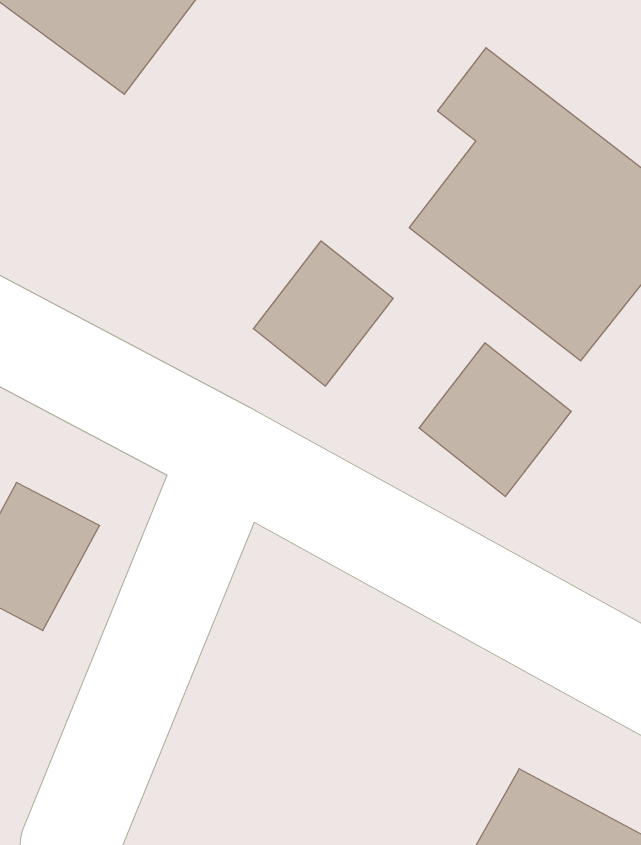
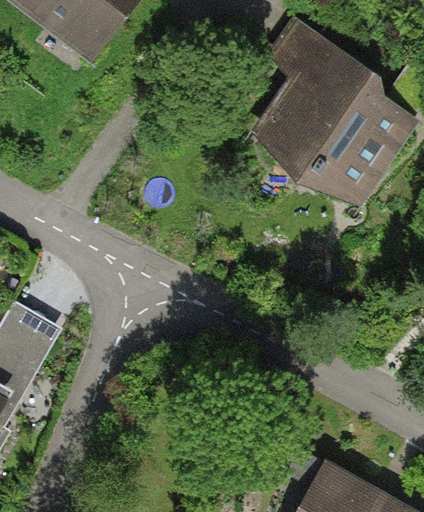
building: [253,241,393,386] -> none
building: [419,343,571,497] -> none

